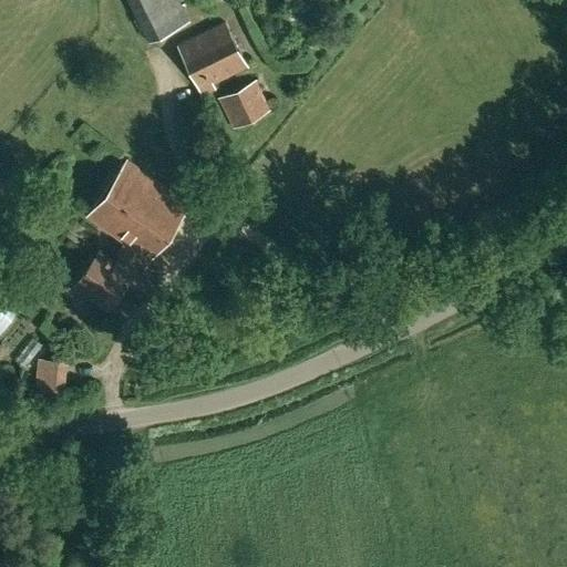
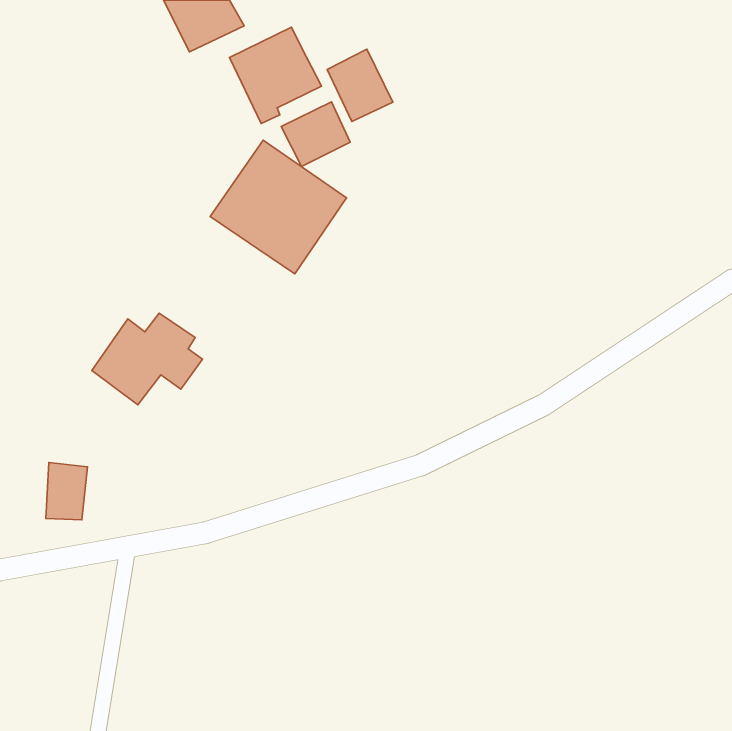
building: none -> [327,49,393,122]
building: [85,159,190,262] -> [210,140,346,274]

